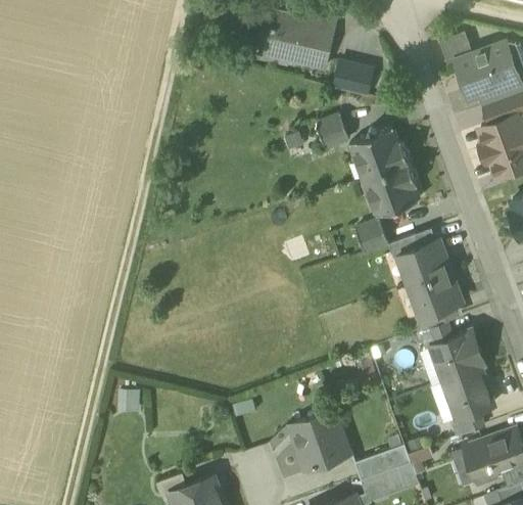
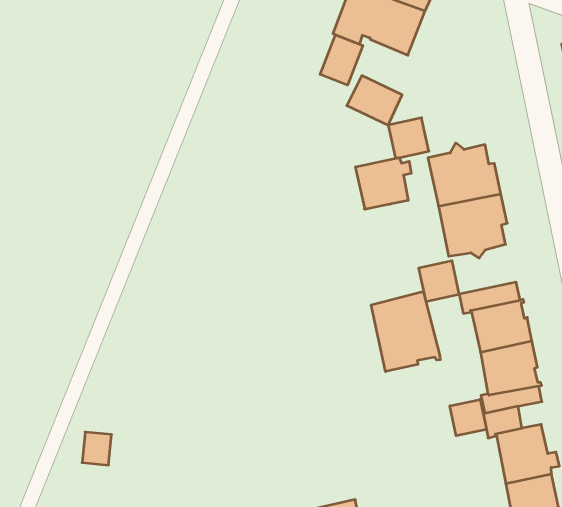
building: none -> [320,35,363,85]
building: [333,62,374,97] -> [347,76,402,125]
building: none -> [356,158,411,209]
building: none -> [371,292,440,372]
building: none -> [450,399,486,436]

